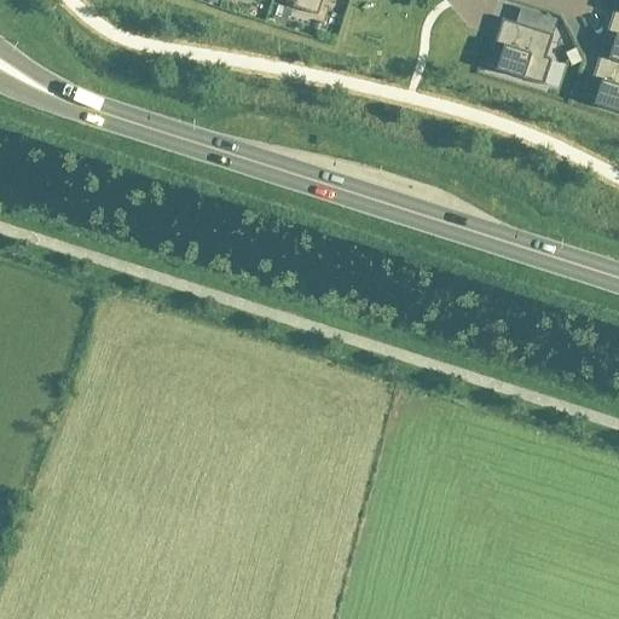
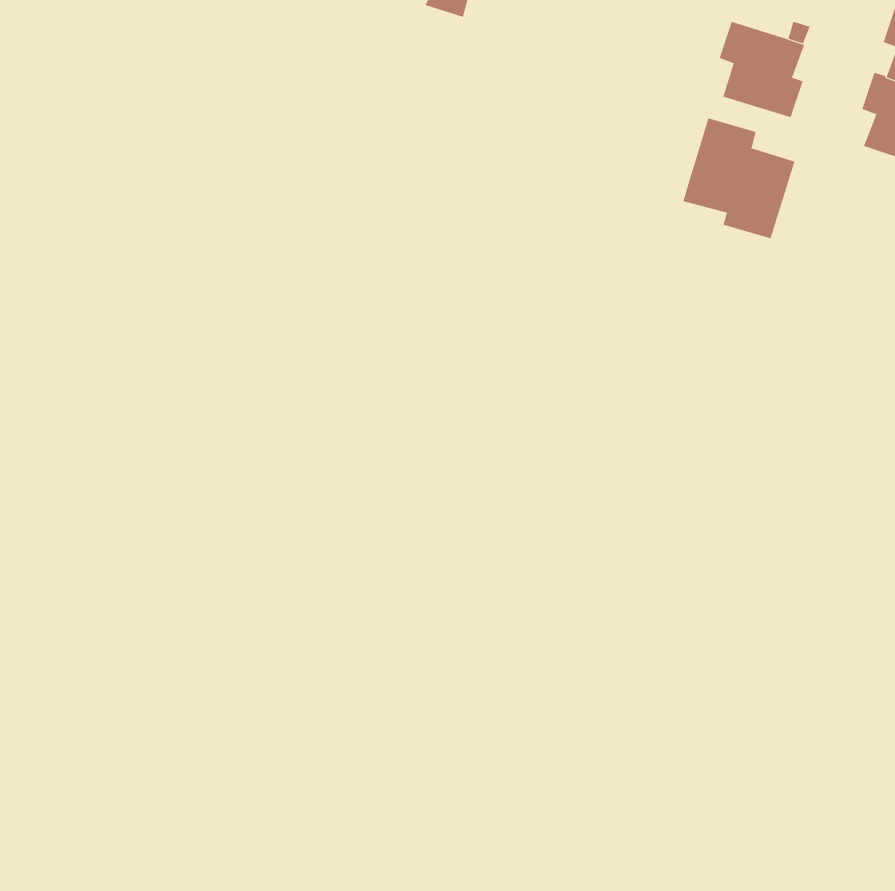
building: none -> [682,118,795,239]

